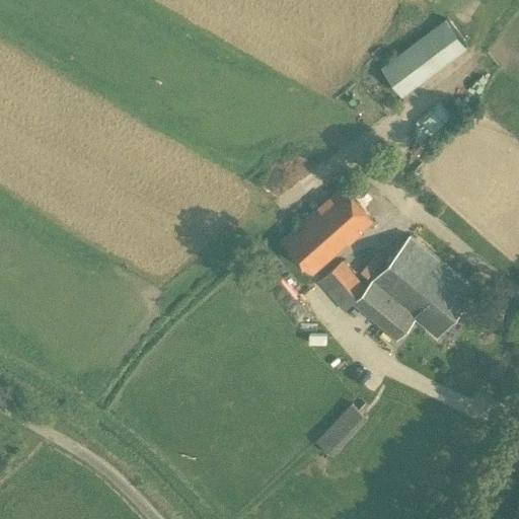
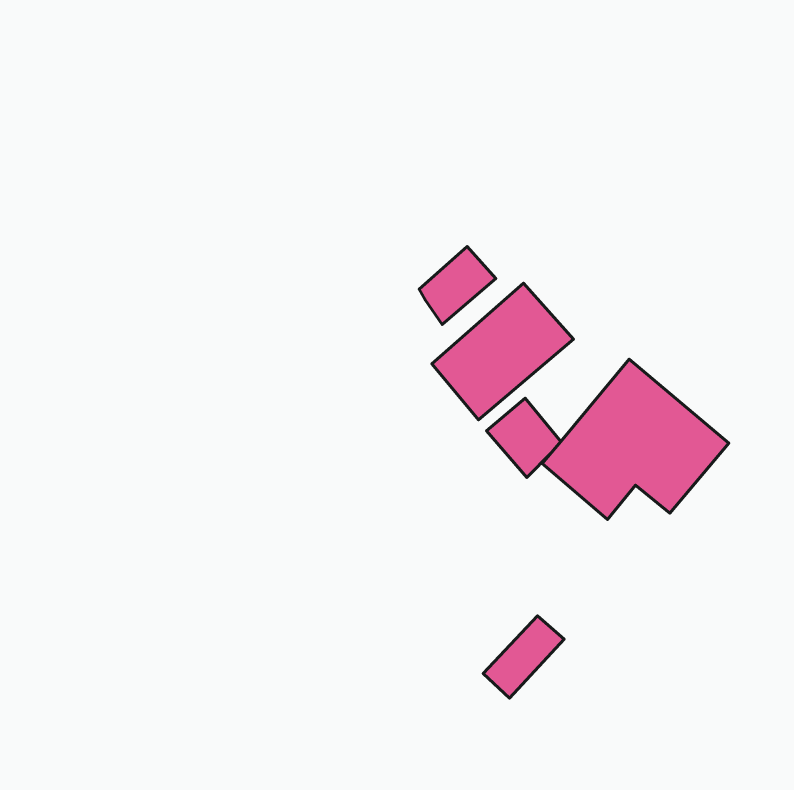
building: [380,20,468,93] -> none
building: none -> [419,247,496,324]

